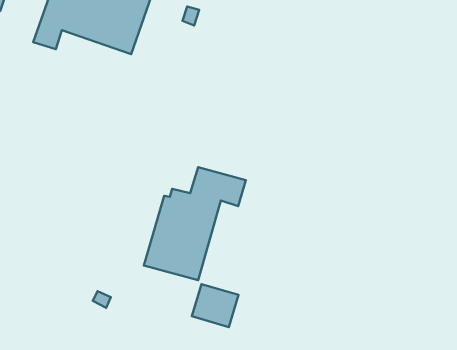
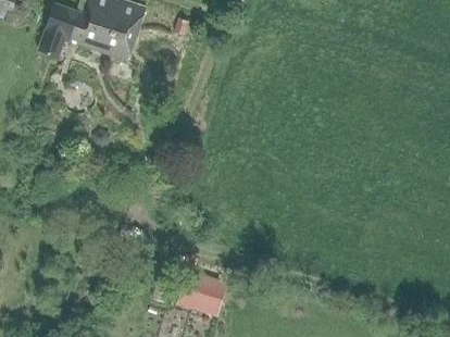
building: [144,167,246,280] -> none

